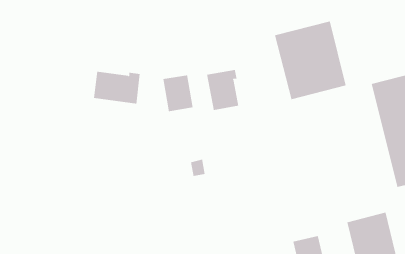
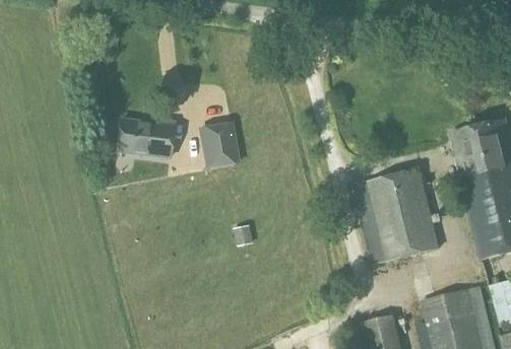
building: [274,21,347,100] -> [354,167,441,263]
building: [206,69,239,111] -> none

